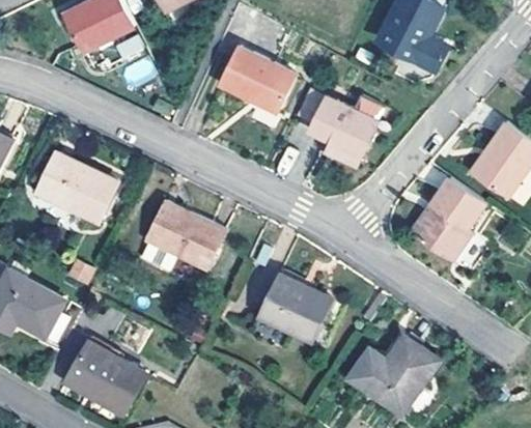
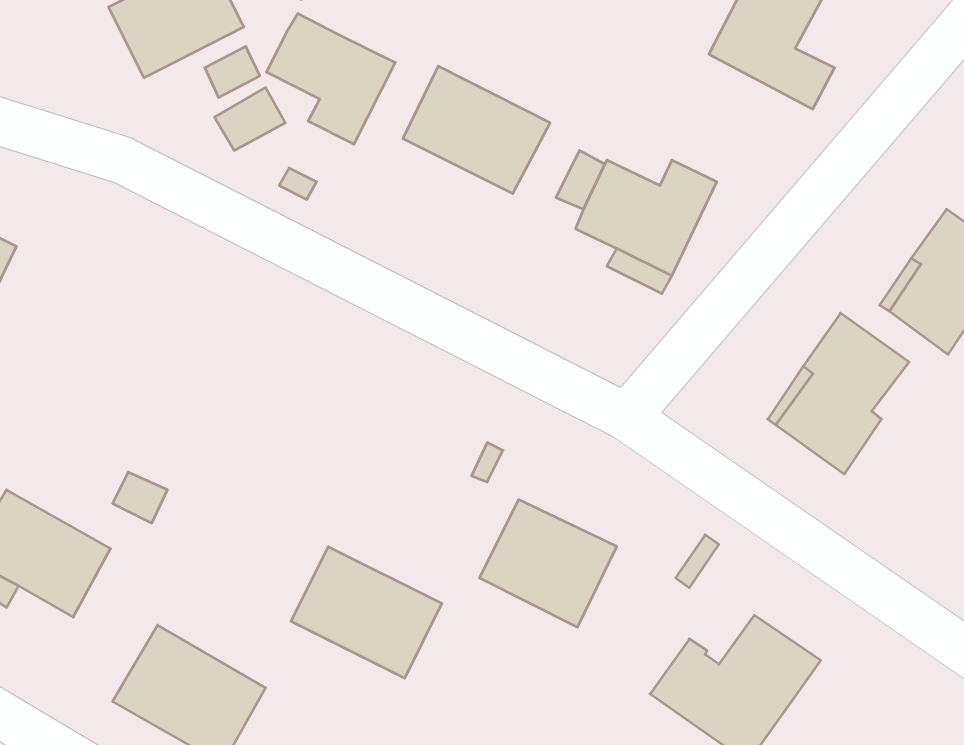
building: none -> [266,14,395,144]
building: [36,152,116,221] -> none
building: [145,200,225,269] -> [291,547,442,678]

